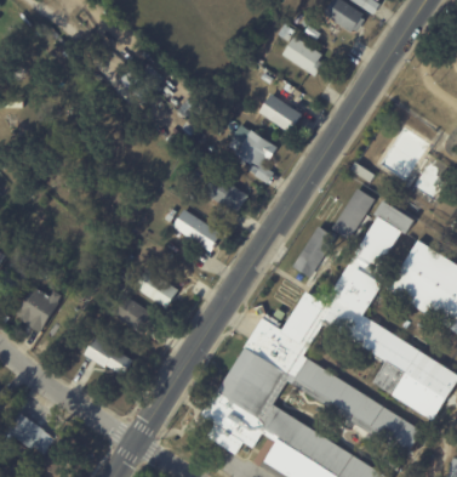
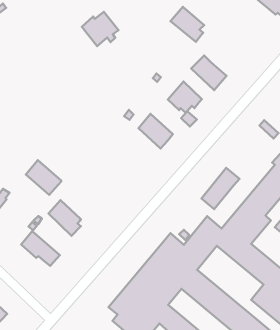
building: [281,36,322,76] -> [171,7,204,42]
building: [333,189,375,239] -> none
building: [172,210,221,252] -> none
building: [135,269,178,310] -> [26,160,61,195]

